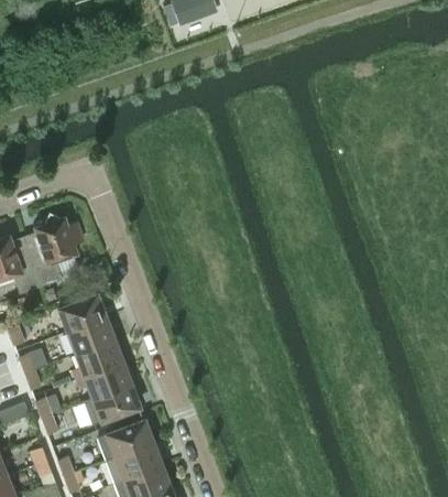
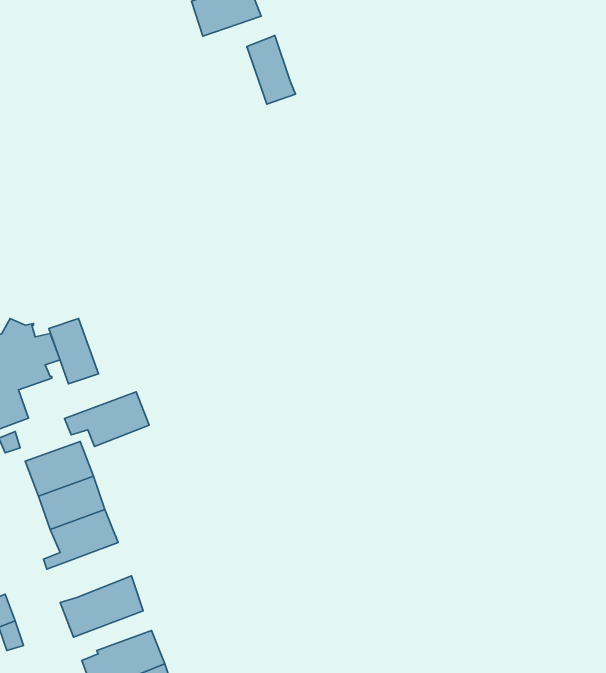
building: none -> [247,36,296,104]
building: none -> [49,319,98,384]
building: [75,361,131,398] -> [65,392,149,447]

